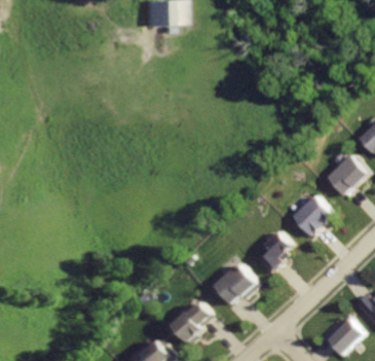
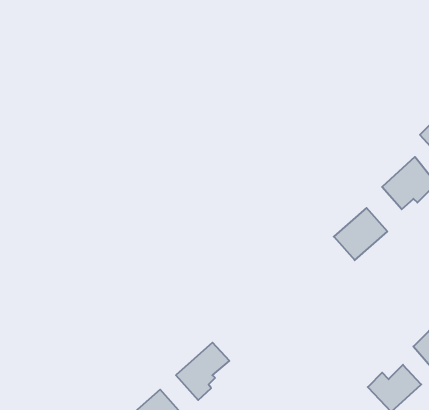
building: [254,231,293,274] -> none
building: [212,263,257,303] -> none

